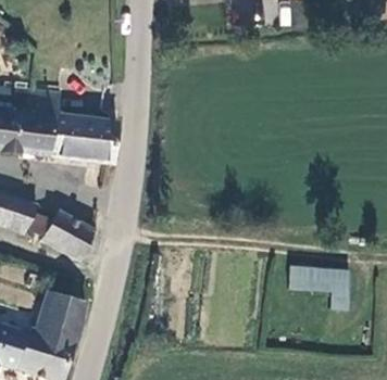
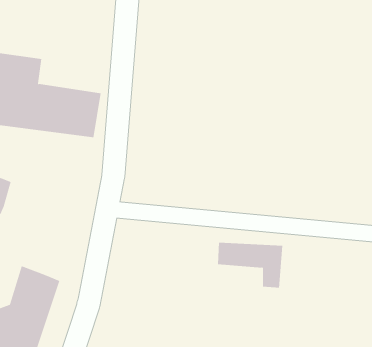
building: [37,213,97,262] -> none
building: [291,268,352,311] -> [217,242,283,288]

